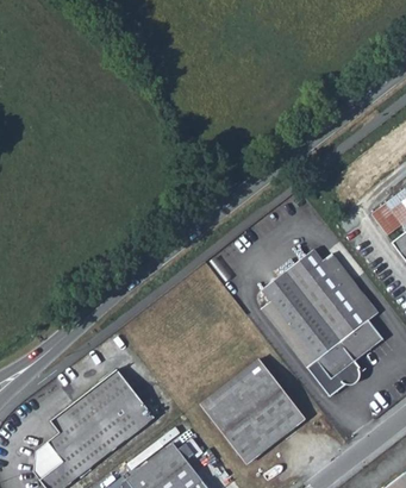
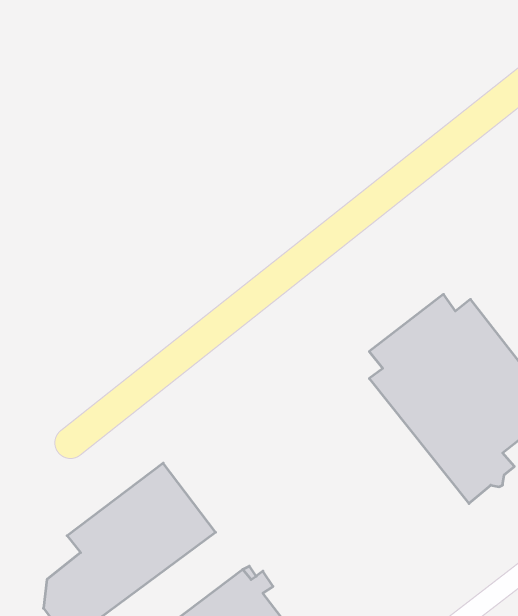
building: [201,358,305,463] -> none

